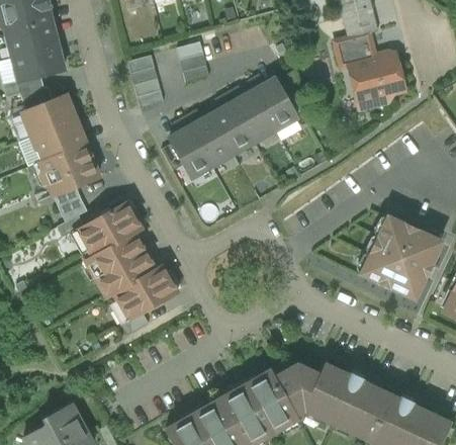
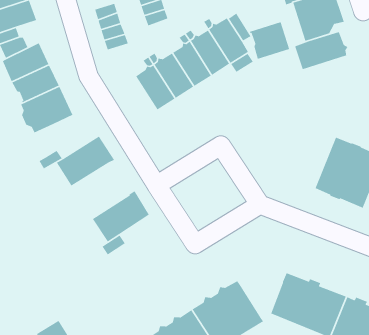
building: none -> [248,21,290,60]
building: none -> [295,31,348,70]
building: [55,186,88,221] -> none
building: [85,233,156,293] -> none
building: [275,364,321,415] -> none

